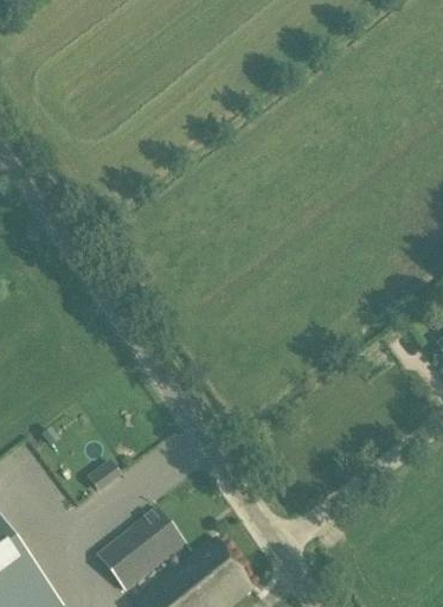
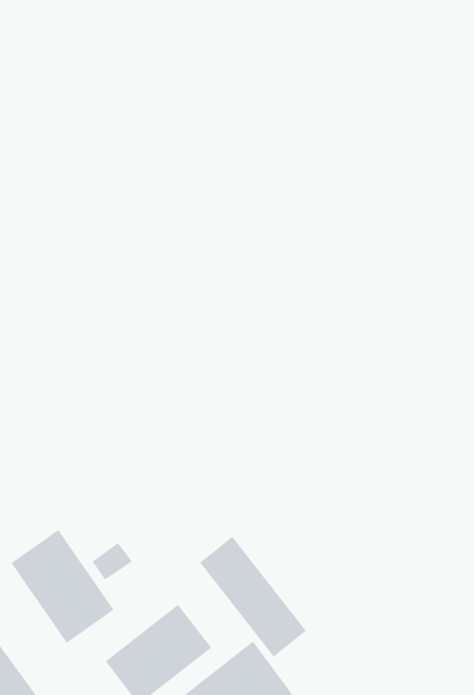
building: none -> [11,529,115,644]
building: none -> [199,536,307,658]

